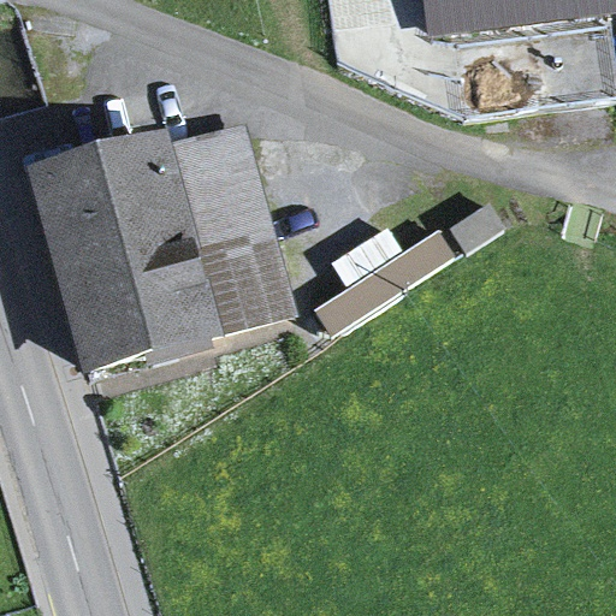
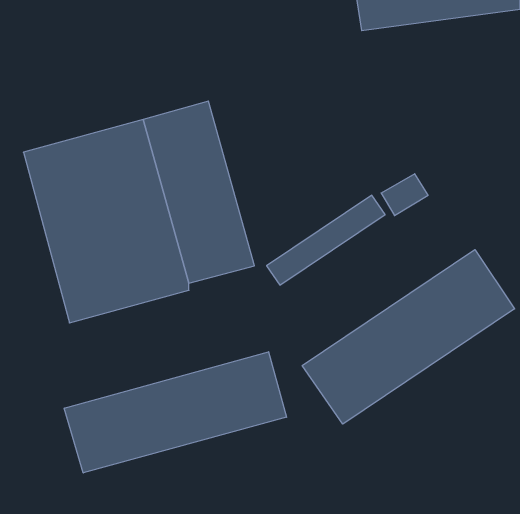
building: none -> [302,250,515,424]
building: none -> [64,352,287,473]

